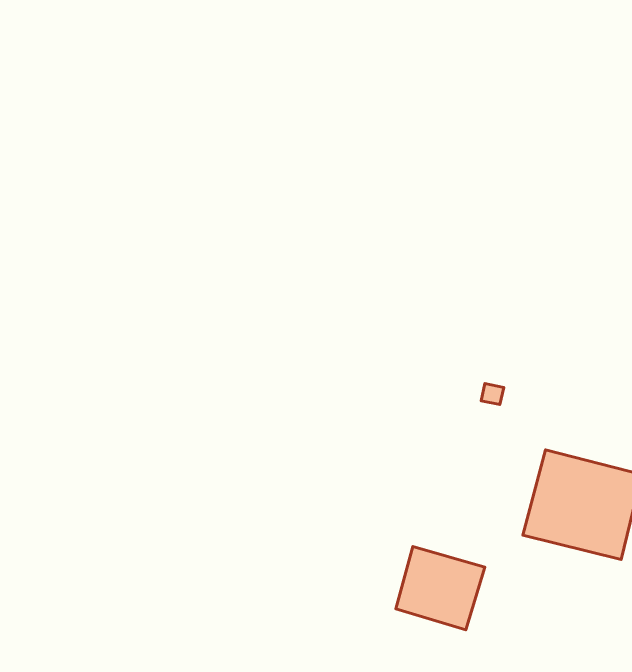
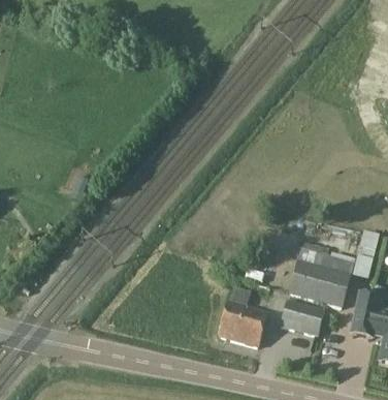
building: none -> [280,298,324,334]

